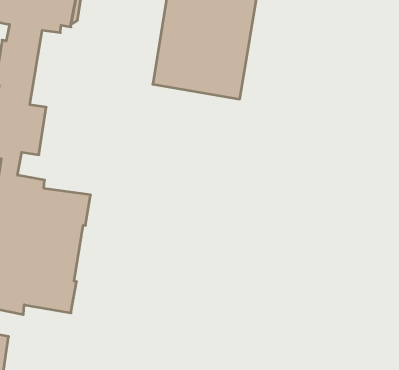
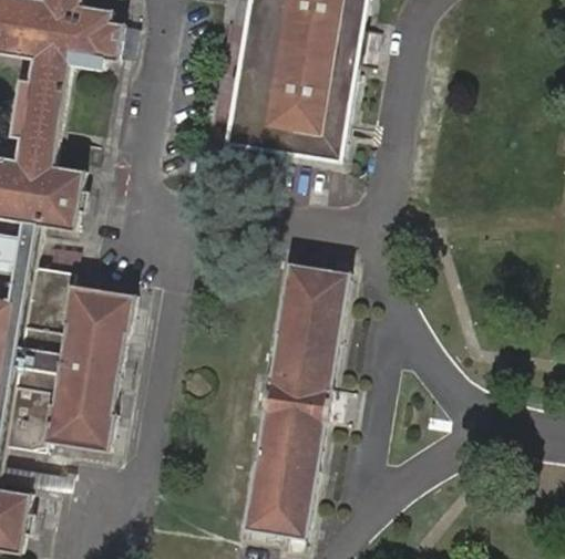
building: none -> [244,251,349,521]

